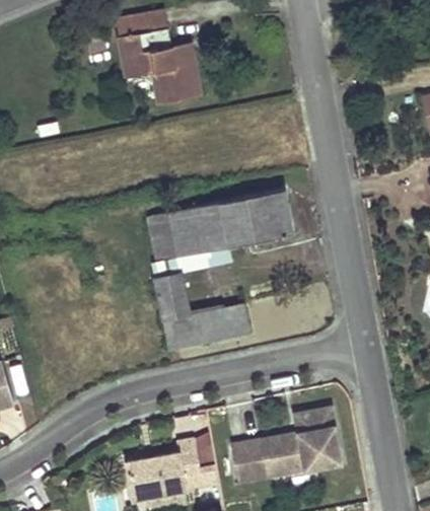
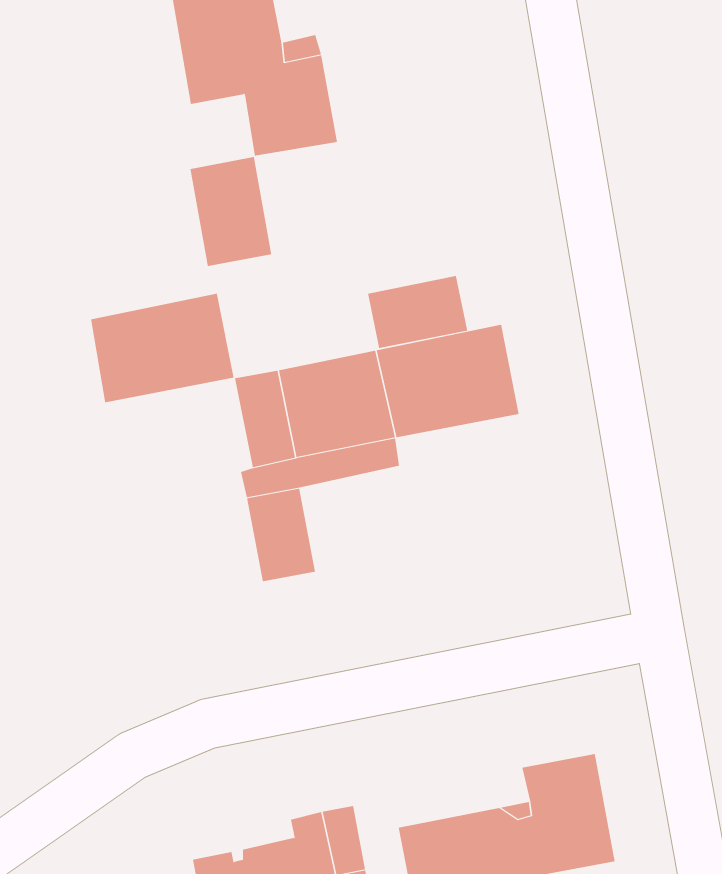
building: none -> [190,156,272,267]
building: none -> [367,275,468,349]
building: none -> [91,293,234,403]
building: [162,302,250,349] -> none

